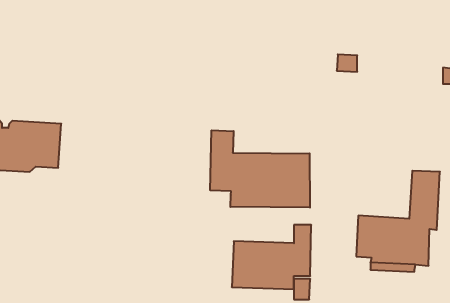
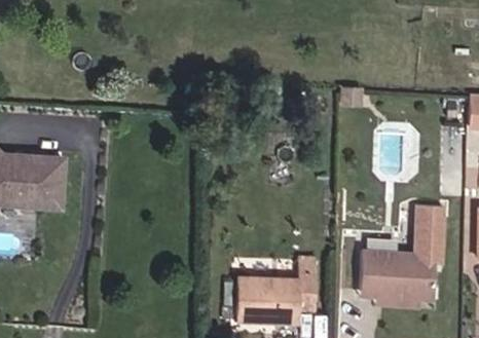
building: [210,130,310,208] -> none

